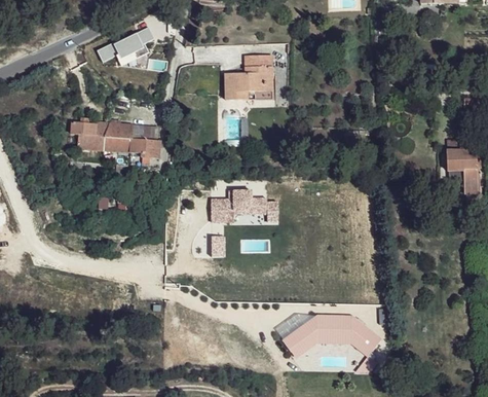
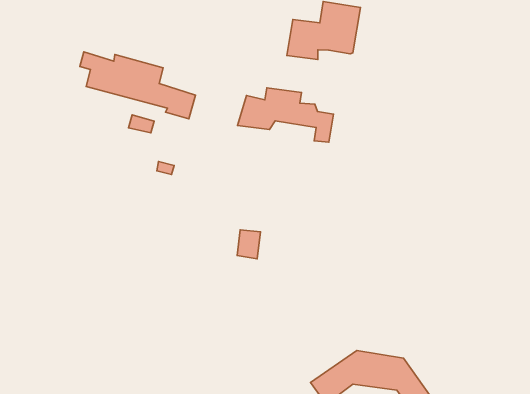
building: [209,189,279,224] -> [237,88,334,142]

